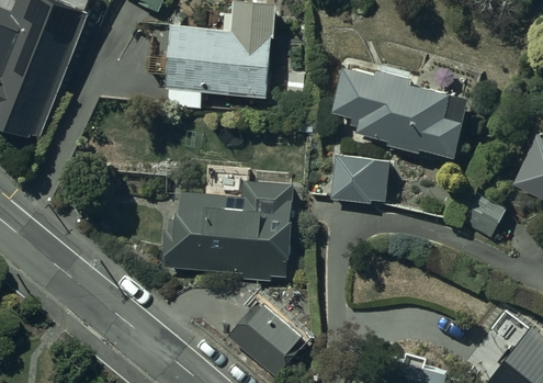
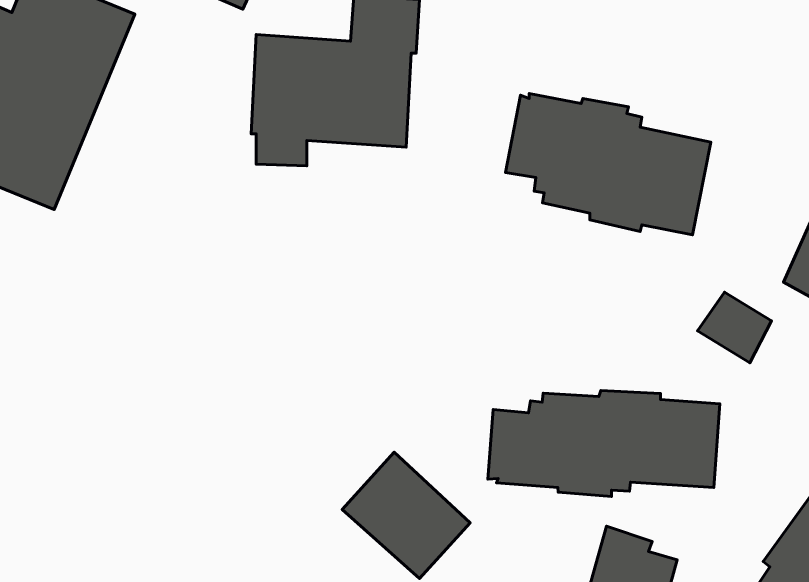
building: [331,154,389,203] -> none
building: [165,166,293,283] -> none
building: none -> [488,391,720,496]

